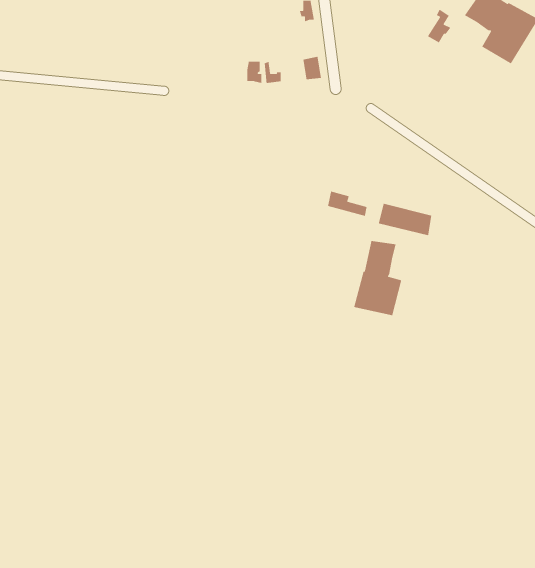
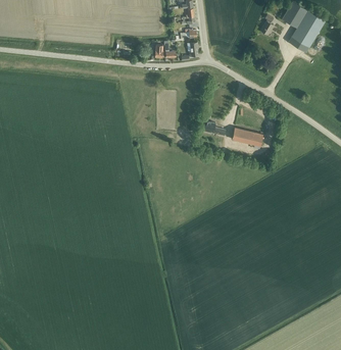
building: [353,240,402,316] -> none

